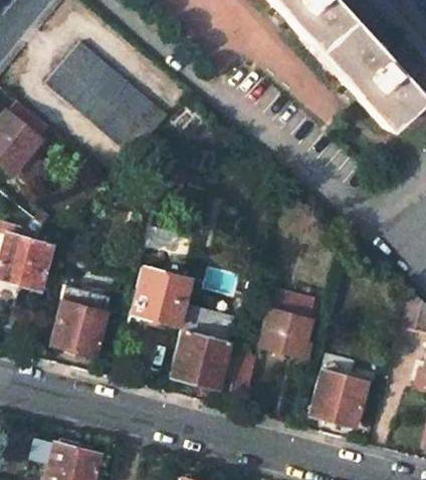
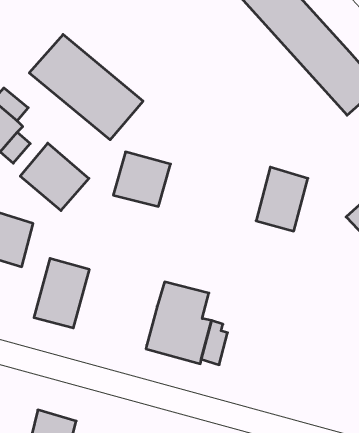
building: none -> [20,143,89,211]
building: [131,266,192,324] -> [113,152,171,206]
building: [262,288,317,356] -> [256,167,308,231]
building: [308,368,365,425] -> none

